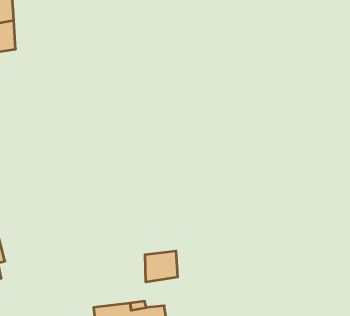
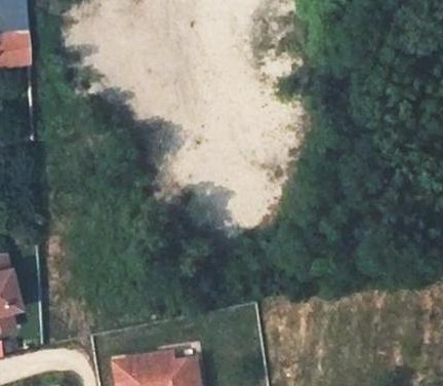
building: [145,251,178,282] -> none

